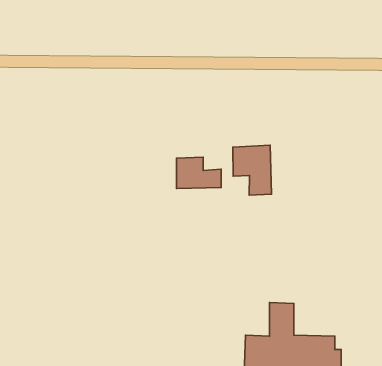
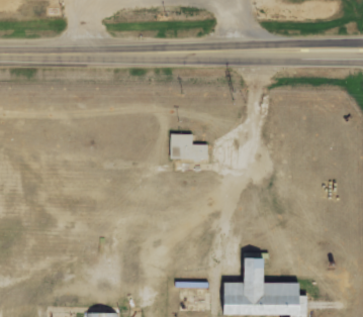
building: [233,145,271,195] -> none

